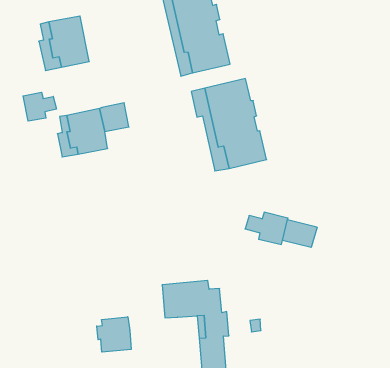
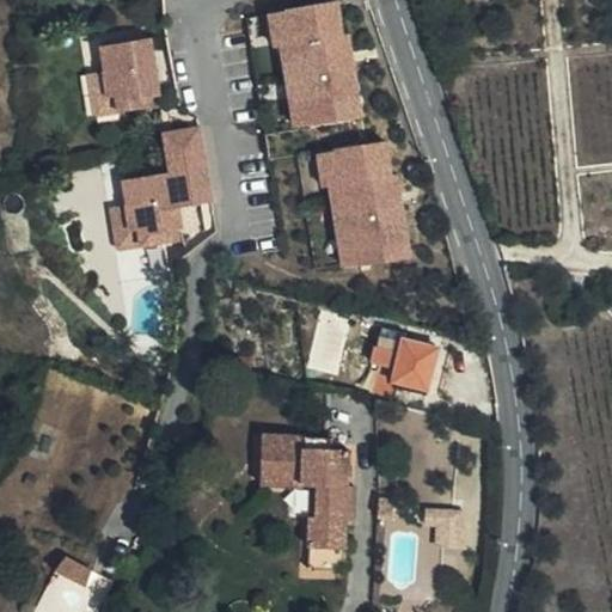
building: none -> [166,129,208,172]
building: [23,92,56,121] -> none
building: [282,219,317,247] -> none
building: [97,317,131,352] -> none

